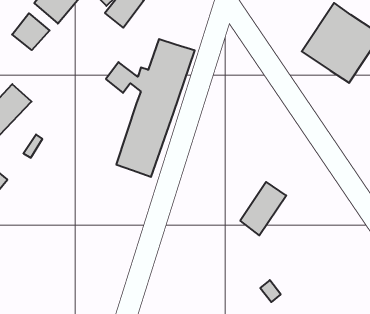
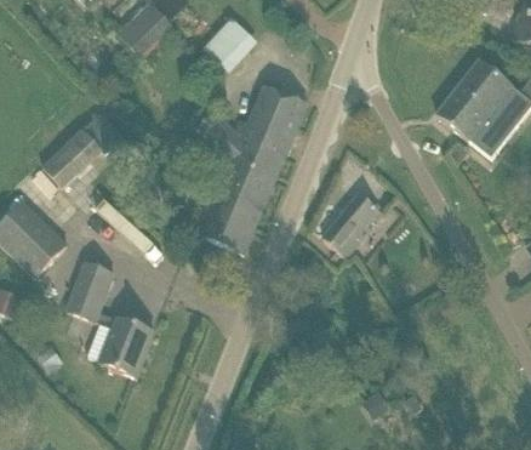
building: [12,13,50,50] -> none
building: [240,182,286,235] -> [325,193,383,257]
building: none -> [67,261,154,376]

